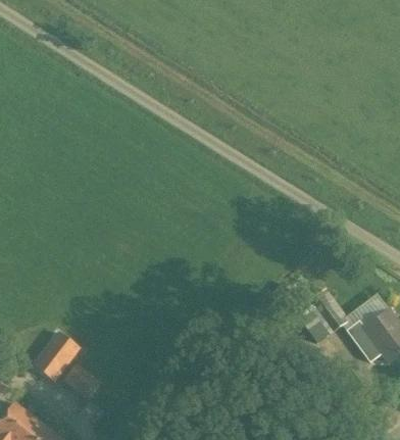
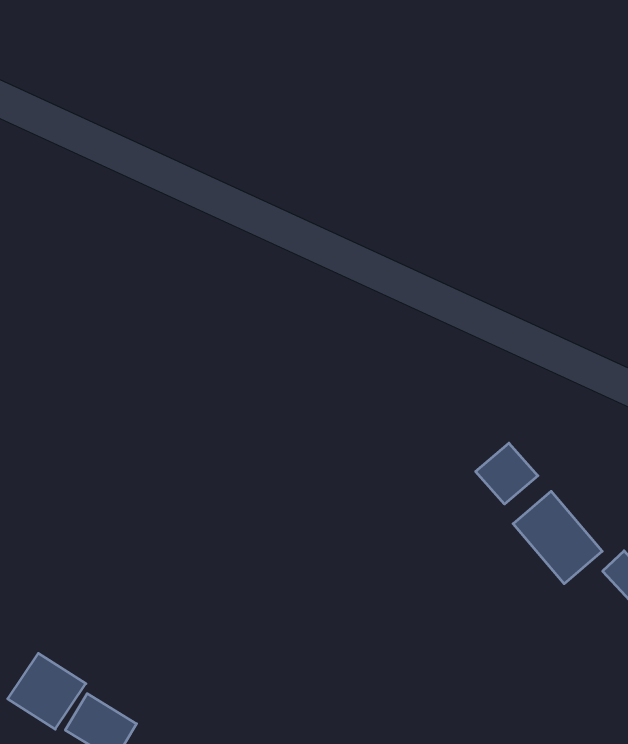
building: none -> [476,443,538,504]

